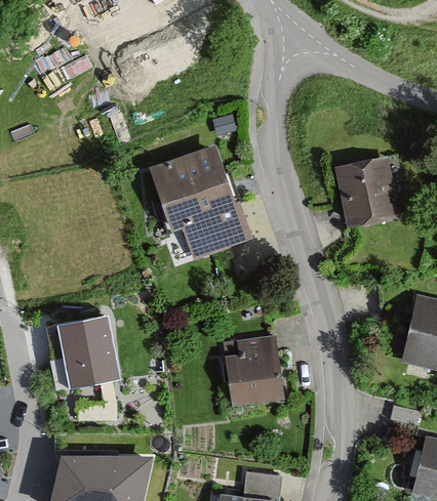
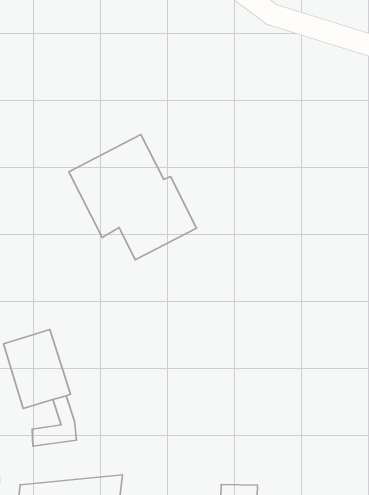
building: [334,159,401,231] -> none
building: [222,337,281,405] -> none

